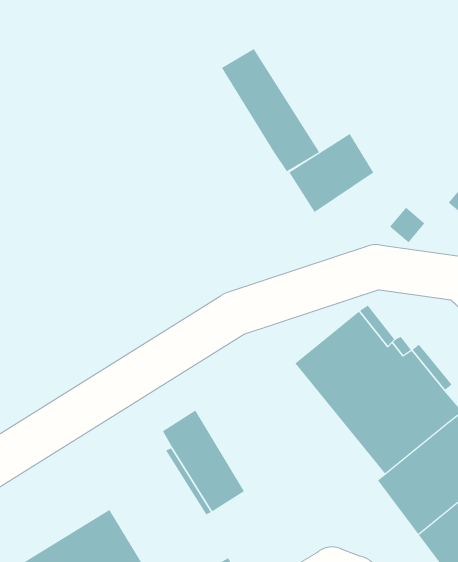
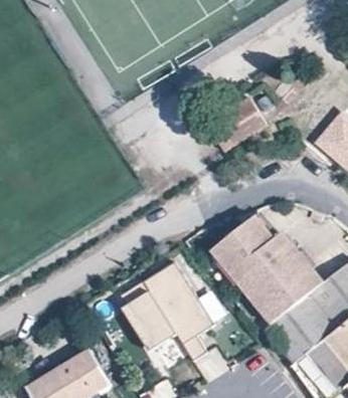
building: [221,48,320,172] -> none
building: none -> [145,264,215,364]

